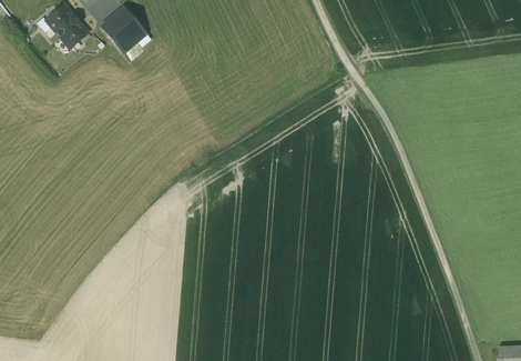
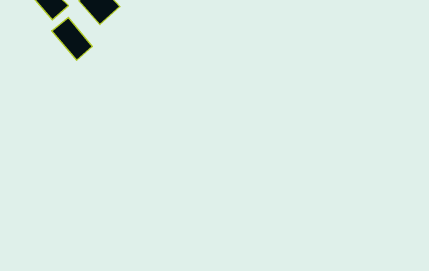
building: none -> [52,17,92,60]

